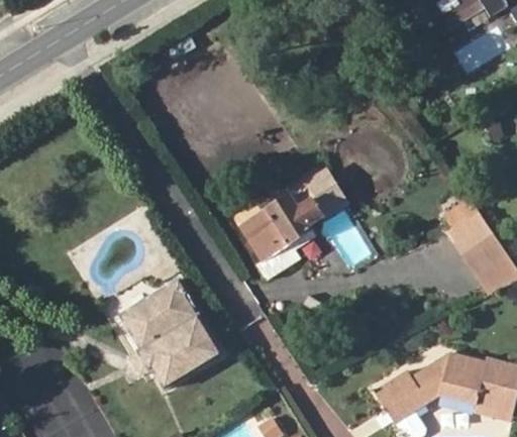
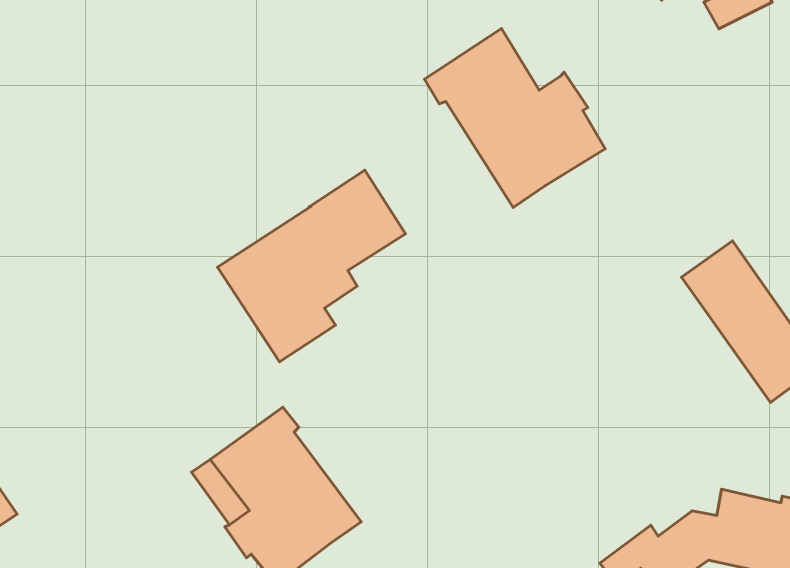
building: none -> [424,28,605,207]
building: [229,163,347,279] -> [217,170,405,362]

